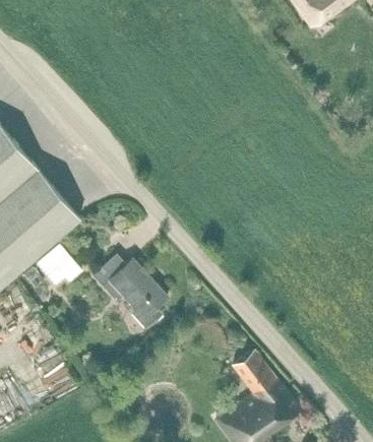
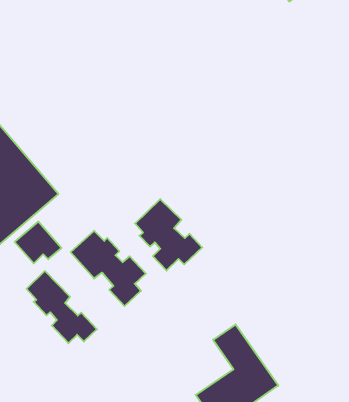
building: none -> [135,199,202,271]
building: none -> [27,271,97,343]

